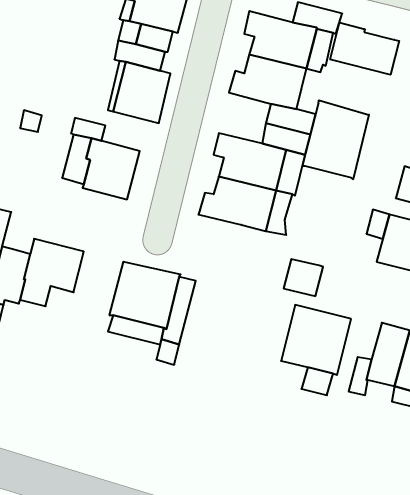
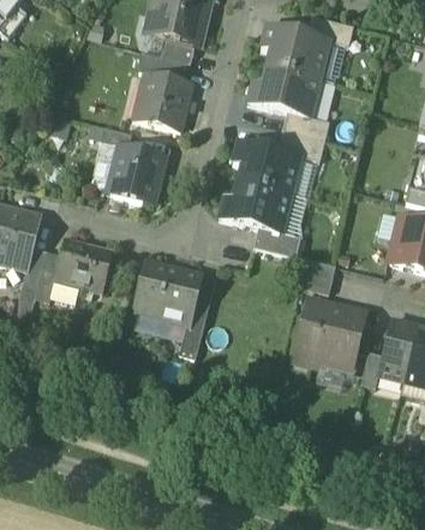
building: [330,22,399,75] -> none
building: [302,100,369,179] -> none
building: none -> [255,225,301,255]

